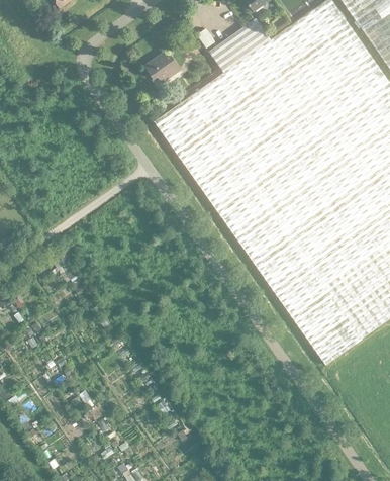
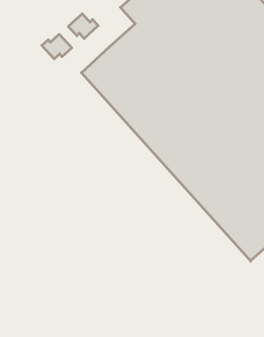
building: none -> [42,34,72,59]

